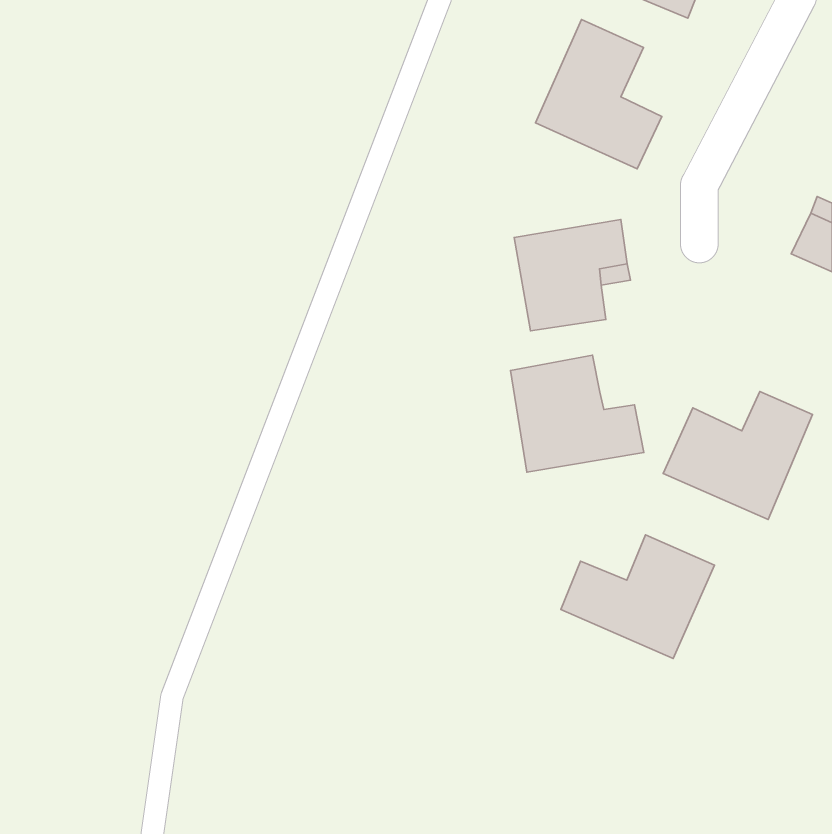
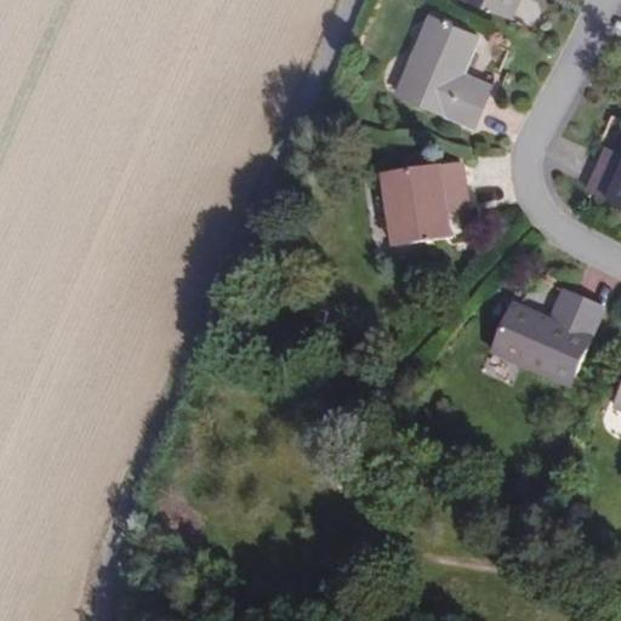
building: [510,355,644,472] -> none
building: [561,535,714,658] -> none

